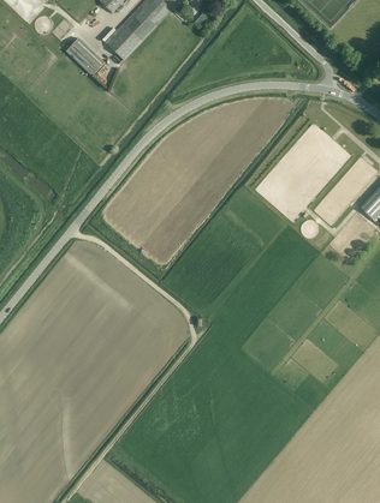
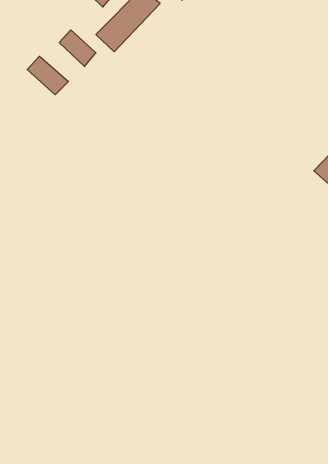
building: none -> [27,56,68,95]

